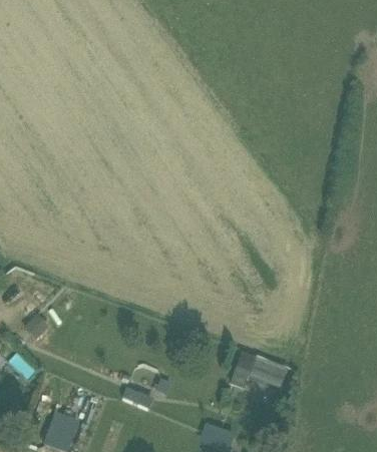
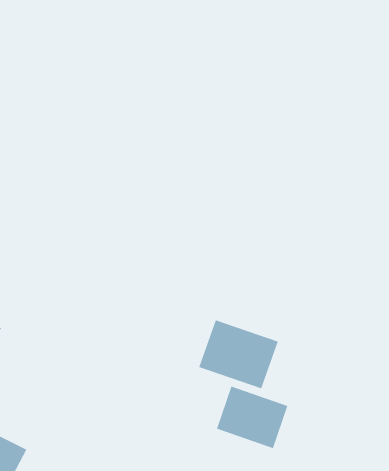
building: none -> [198,320,278,389]

